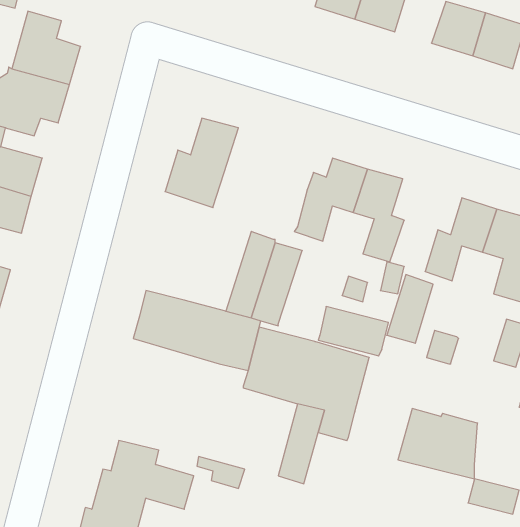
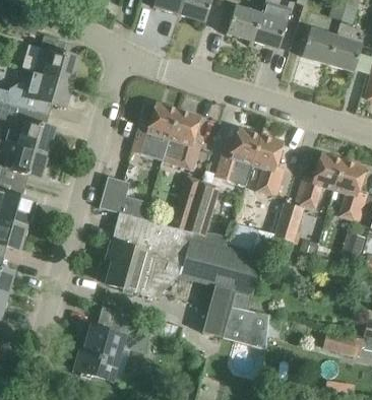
building: none -> [163,110,201,170]
building: none -> [100,178,149,219]
building: none -> [107,244,167,297]
building: [398,409,478,479] -> [221,304,271,348]

